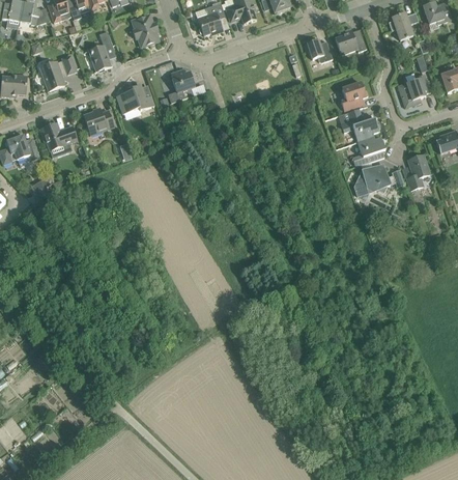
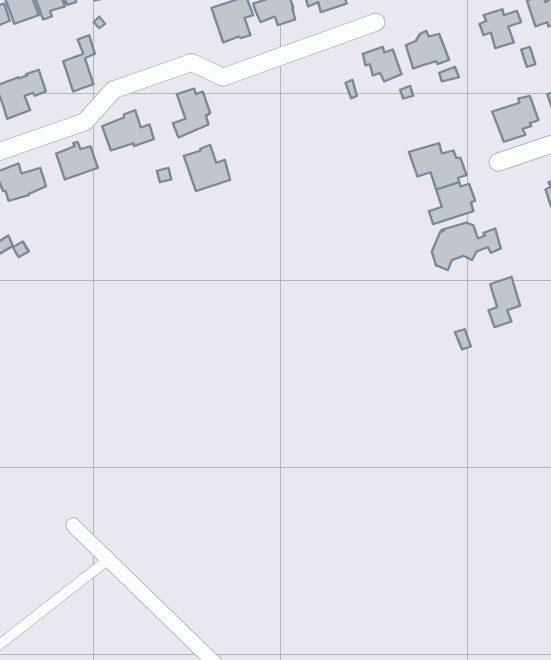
building: [132,13,159,46] -> none
building: [340,82,367,110] -> none
building: none -> [184,145,230,191]
building: [406,153,429,190] -> [489,277,520,327]

